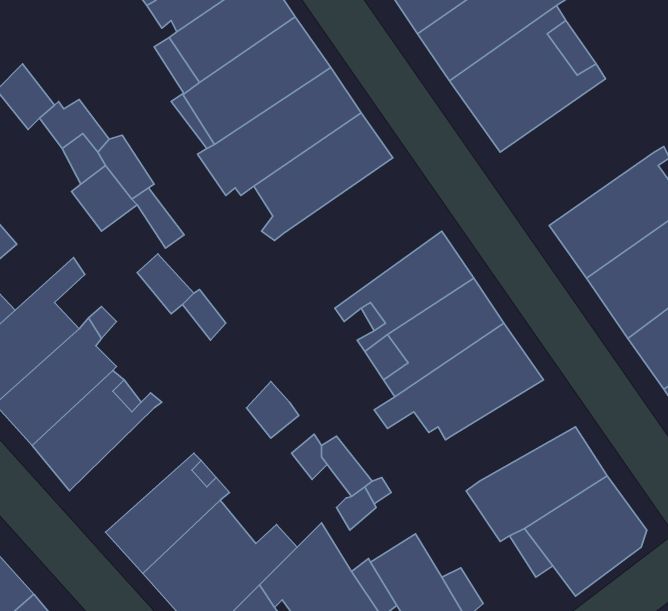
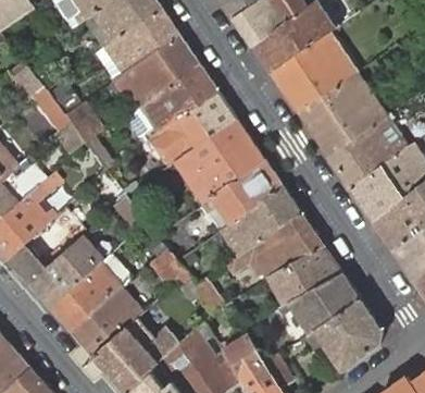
building: none -> [299,72,388,157]
building: none -> [174,118,265,205]
building: none -> [271,246,342,305]
building: none -> [50,262,122,334]

